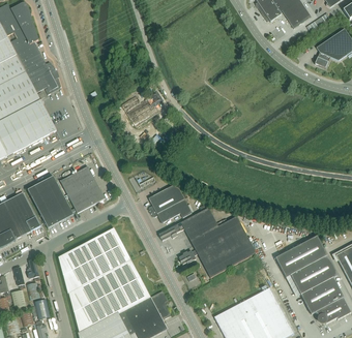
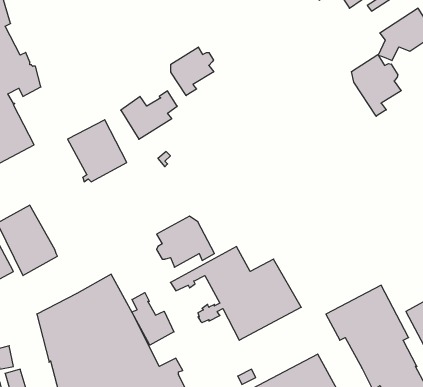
building: none -> [171,47,214,96]
building: none -> [352,55,401,116]
building: [60,165,105,212] -> [68,120,127,182]
building: none -> [132,293,174,345]

